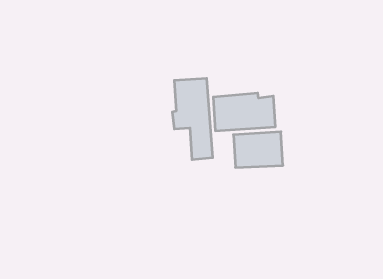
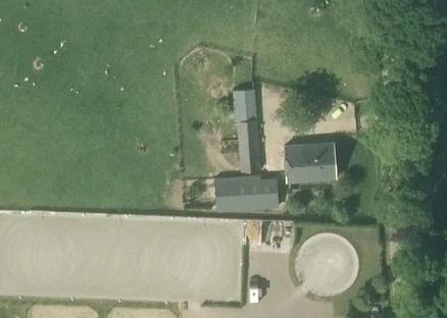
building: [213,93,275,131] -> [215,174,280,213]

